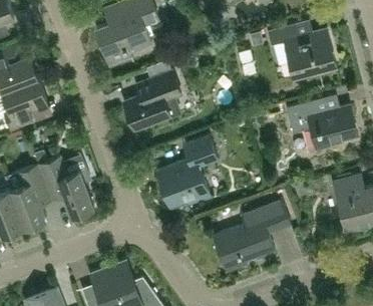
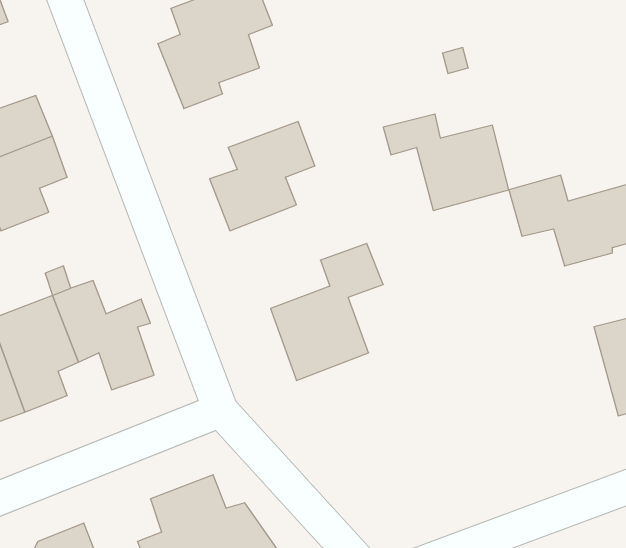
building: [267,23,335,75] -> [383,114,509,210]
building: [213,201,290,271] -> none

